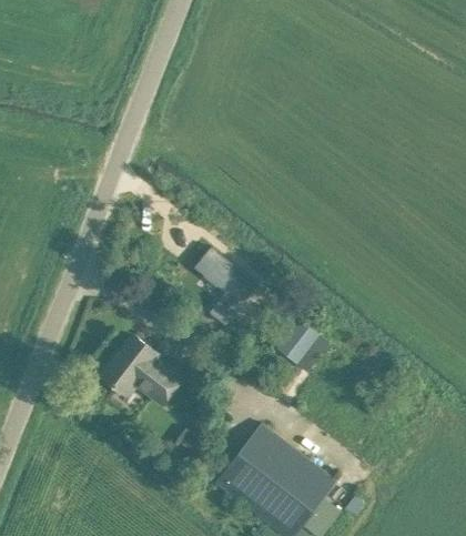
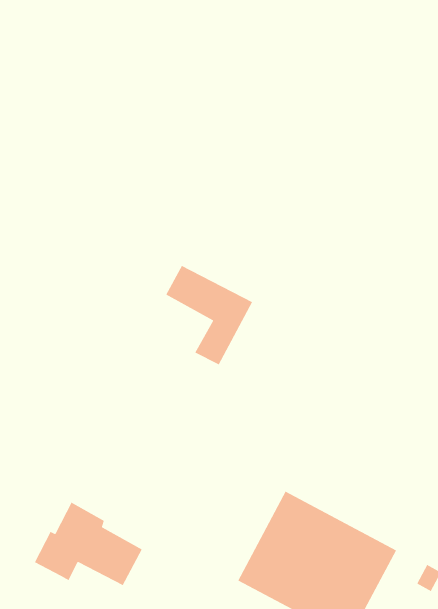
building: [276,318,320,364] -> none
building: [100,335,181,403] -> [34,501,143,586]

